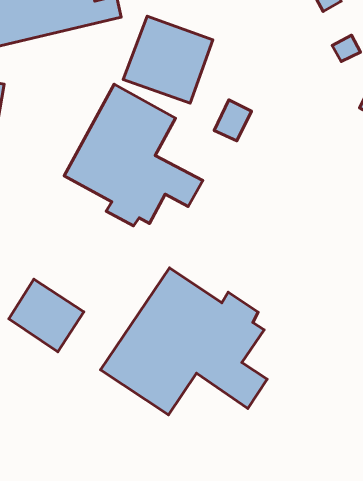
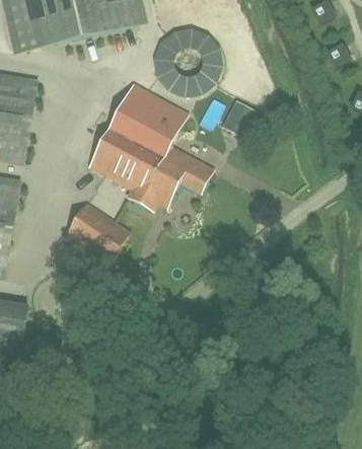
building: [101,268,267,415] -> none
building: [9,279,84,352] -> [64,201,131,266]

